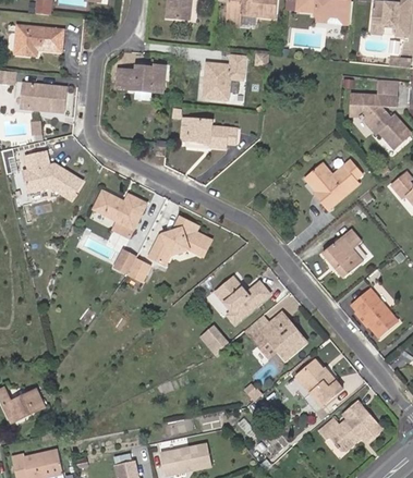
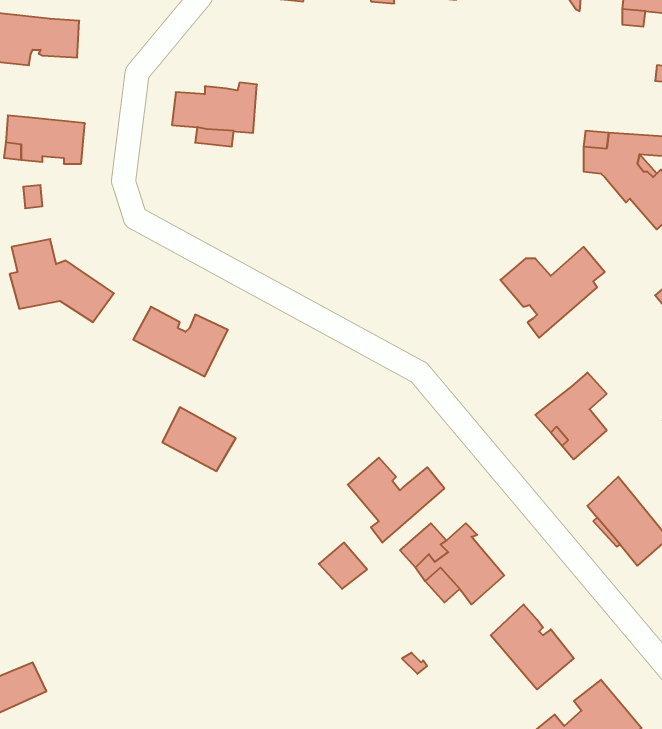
building: [199,52,246,101] -> none
building: [182,120,238,149] -> none
building: [148,216,210,263] -> none

